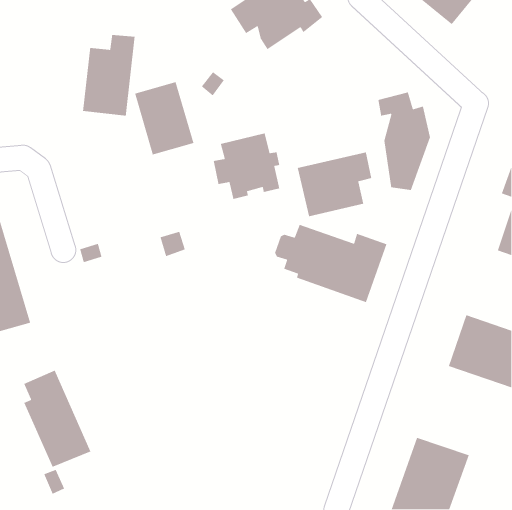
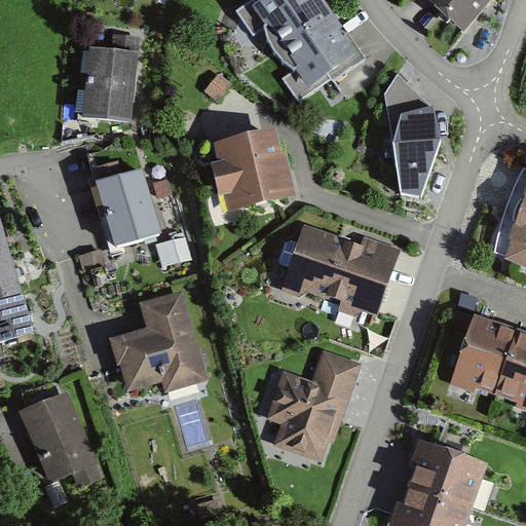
building: none -> [273,17,364,102]
building: [134,81,194,156] -> [98,170,159,246]
building: [297,151,372,217] -> none
building: none -> [107,292,206,394]
building: none -> [265,353,362,458]

